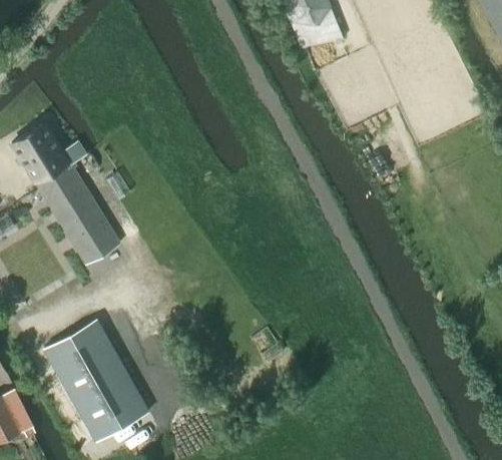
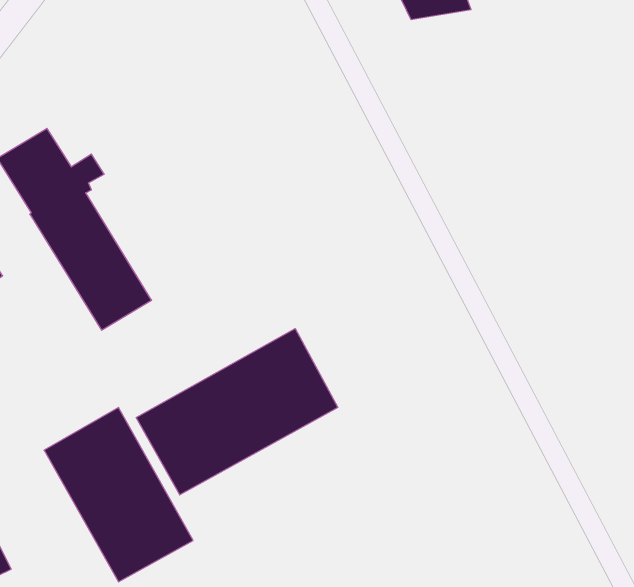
building: none -> [136,329,338,495]

